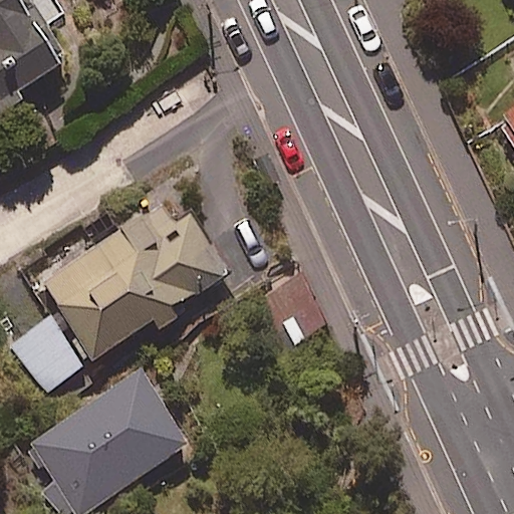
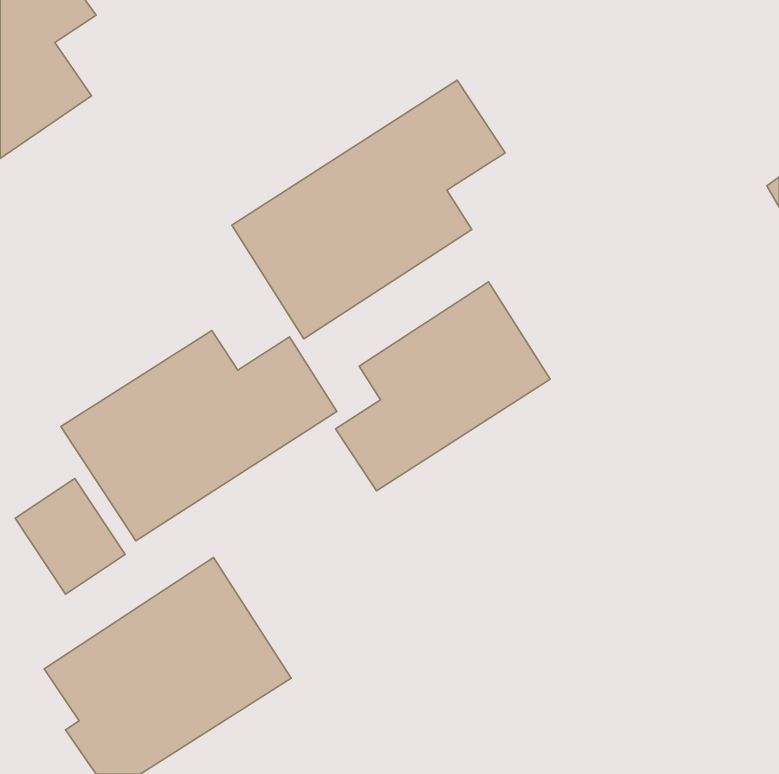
building: none -> [232,80,505,339]
building: none -> [336,282,550,491]

